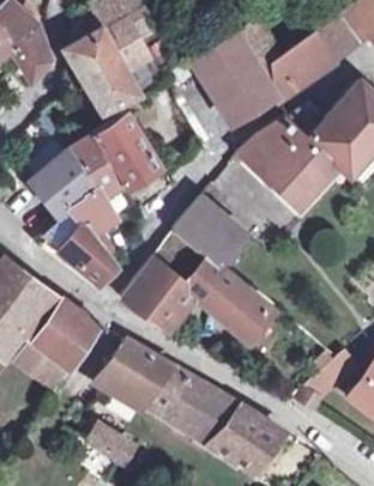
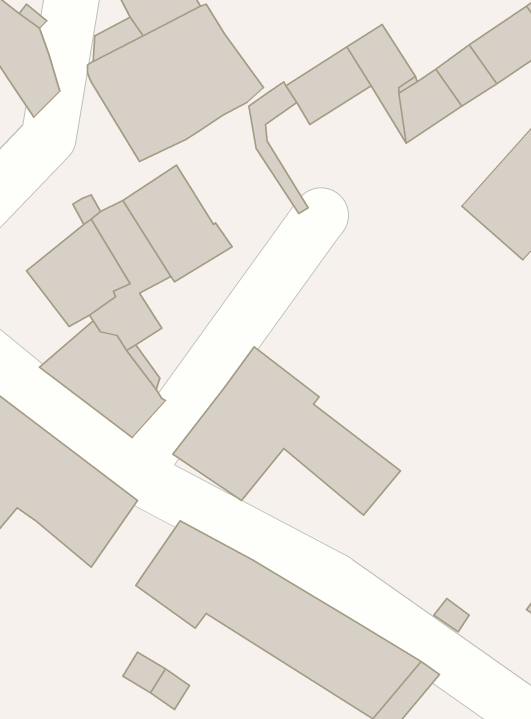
building: [211,61,273,122] -> none
building: [242,120,334,203] -> none
building: [175,198,242,262] -> none
building: [16,342,70,394] -> none

